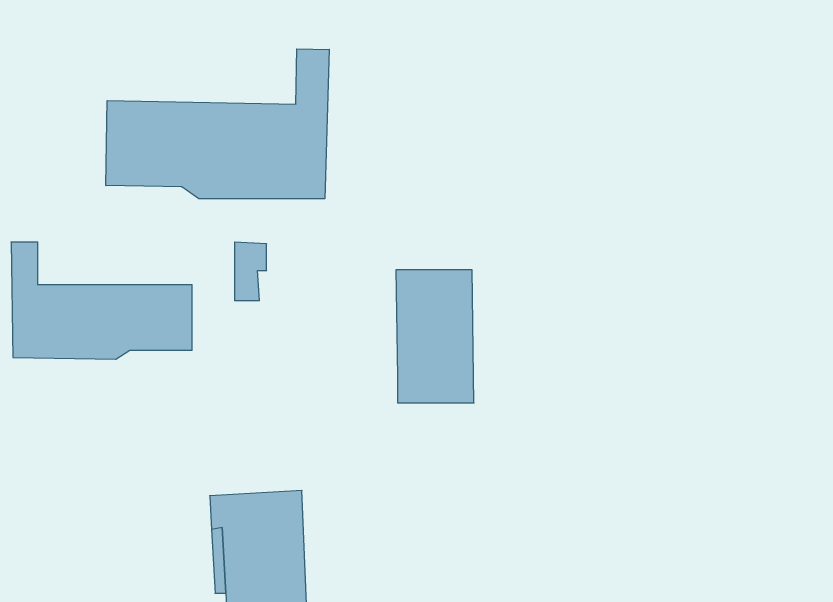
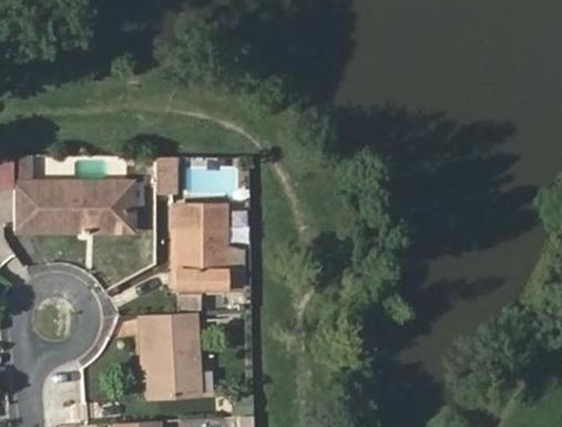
building: [106,49,329,199] -> none
building: [396,270,474,403] -> [178,205,227,288]

